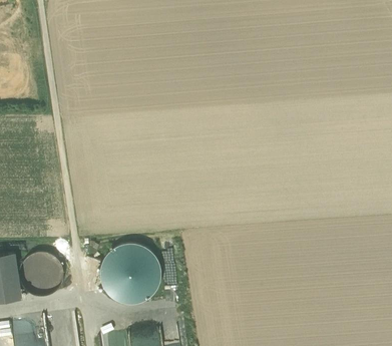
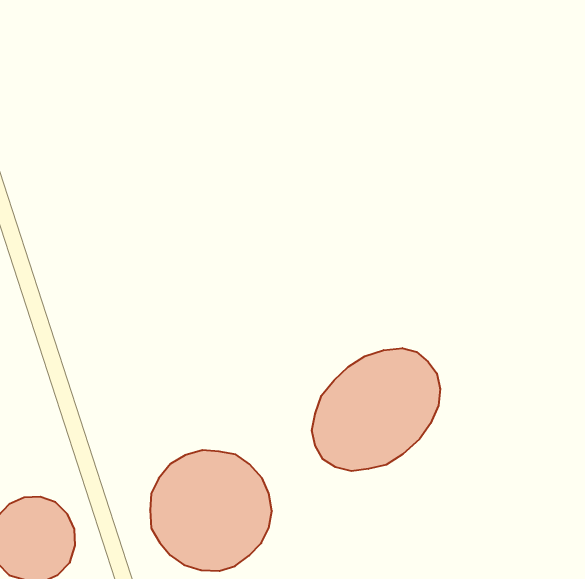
building: none -> [312,348,440,471]

